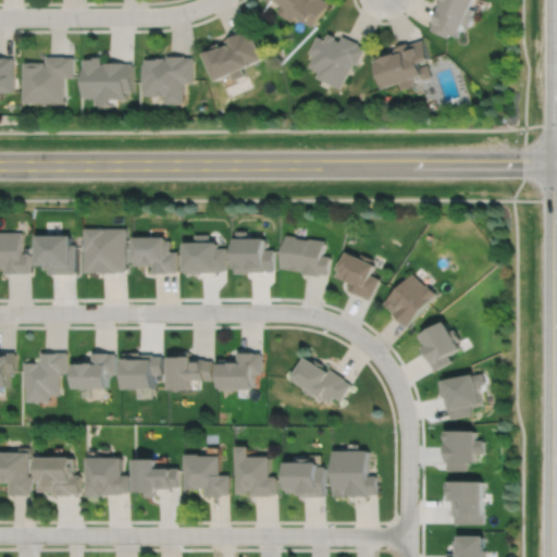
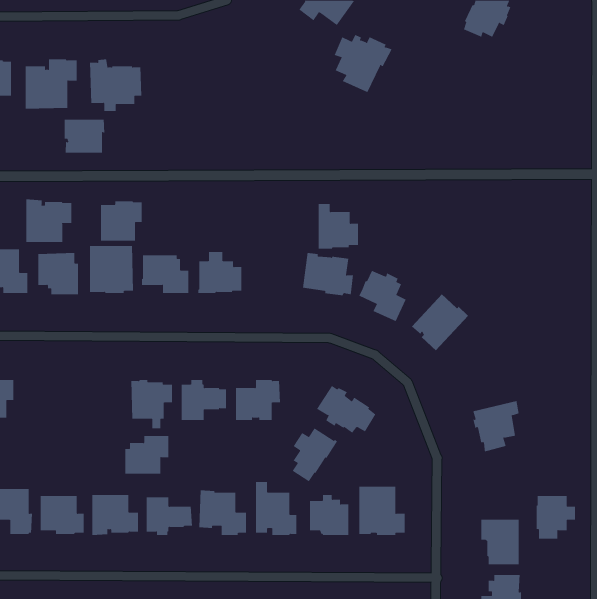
building: [205,29,261,79] -> none
building: [372,38,429,88] -> none
building: [141,54,191,102] -> none
building: none -> [64,119,105,153]
building: none -> [26,199,72,243]
building: none -> [101,200,142,241]
building: [234,231,272,273] -> [318,203,359,249]
building: [417,321,458,371] -> none
building: [21,352,64,403] -> none
building: [72,354,113,389] -> [125,435,169,474]
building: none -> [292,427,338,482]
building: [444,431,481,471] -> [536,496,576,539]

